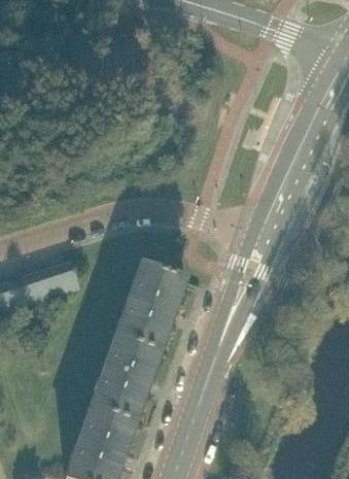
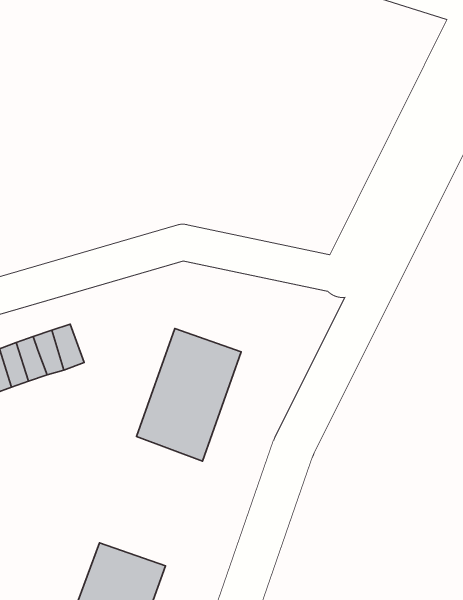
building: [91,337,160,423] -> none

